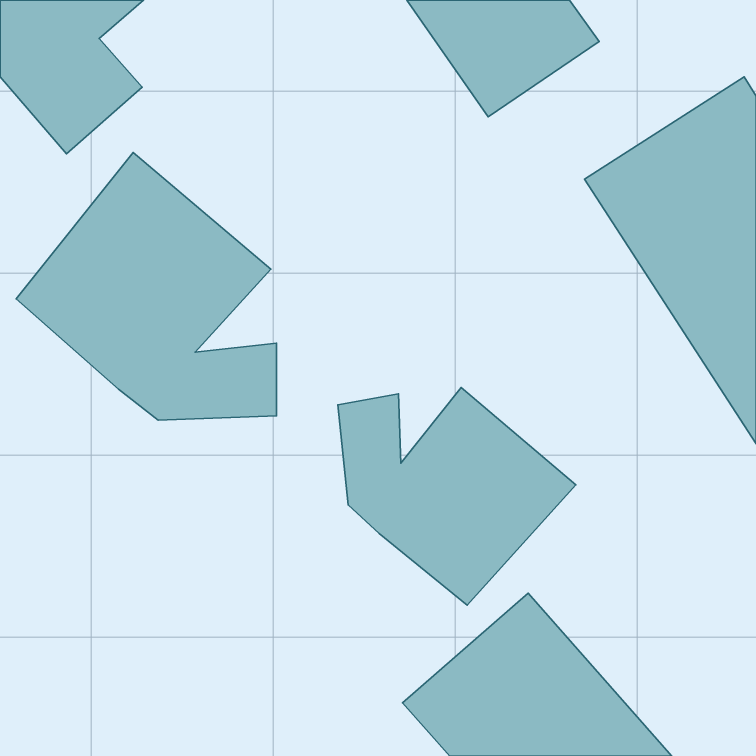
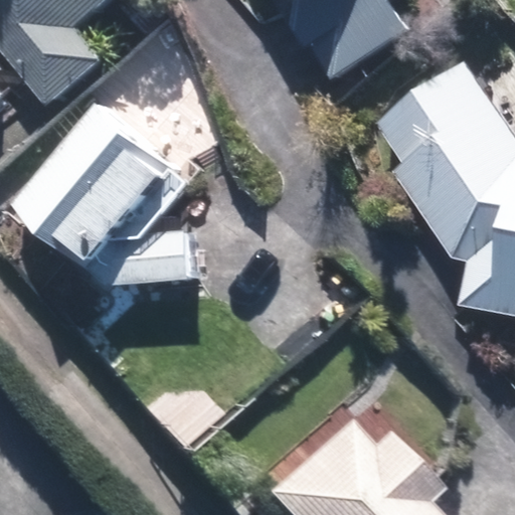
building: [338,387,576,605] -> none

